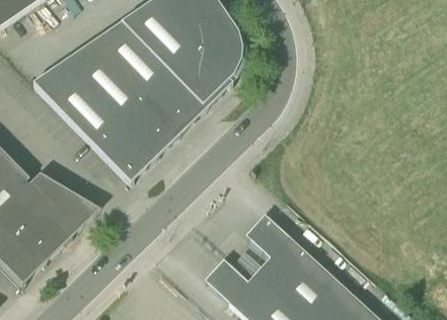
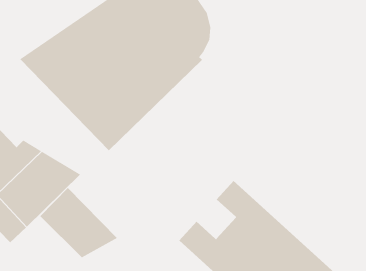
building: none -> [40,187,118,258]

